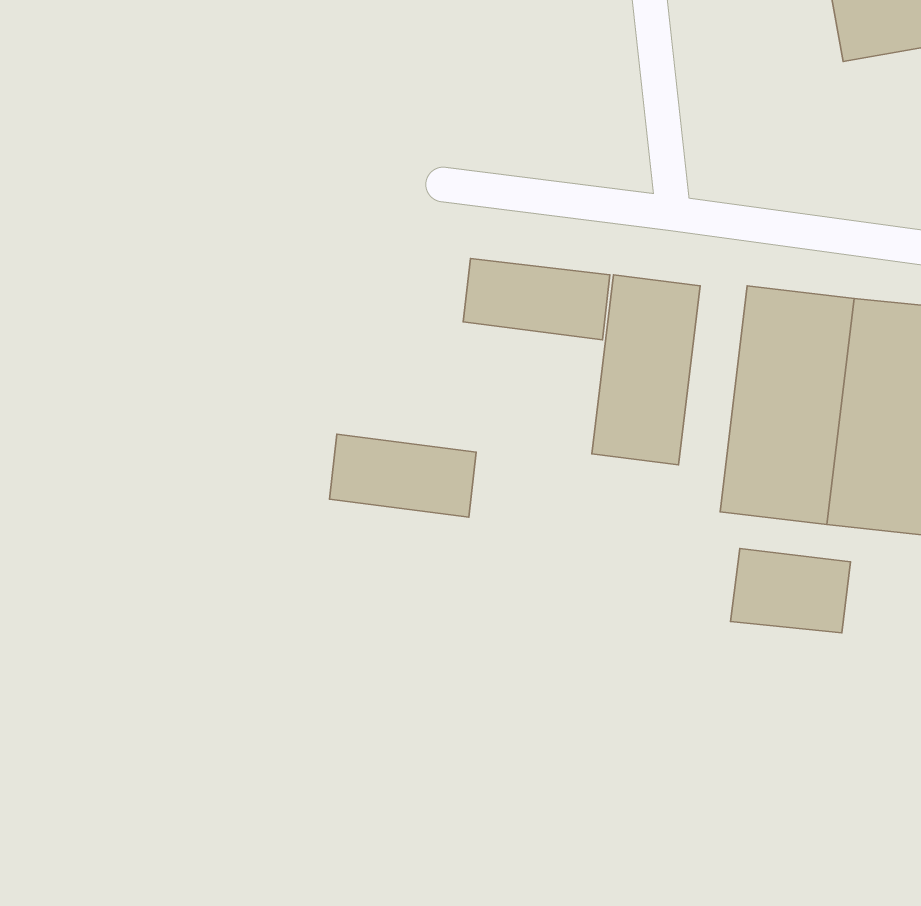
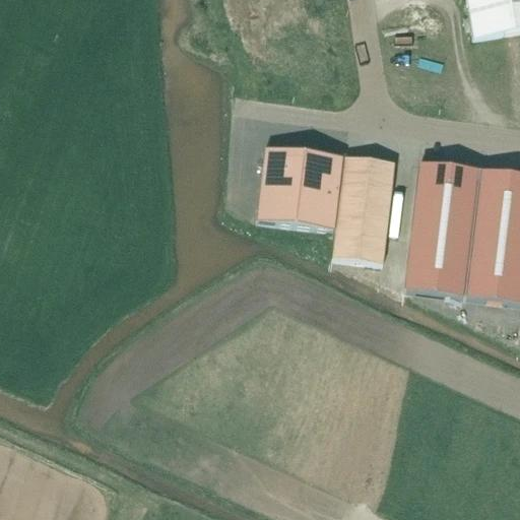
building: [330,434,476,517] -> [258,181,340,228]
building: [731,549,851,633] -> none

